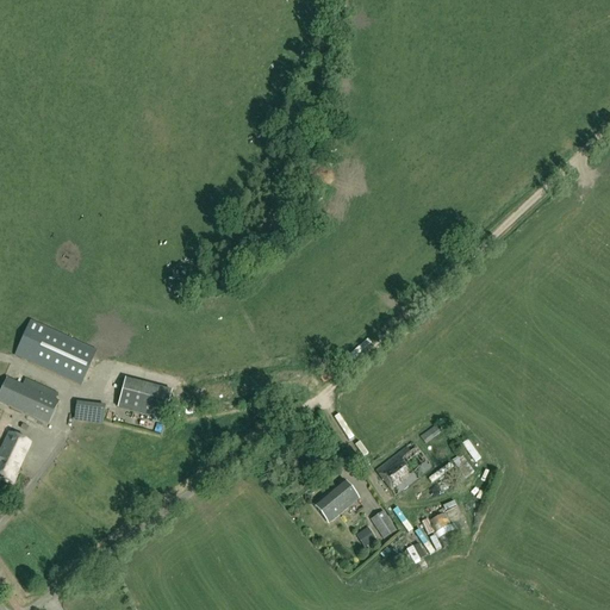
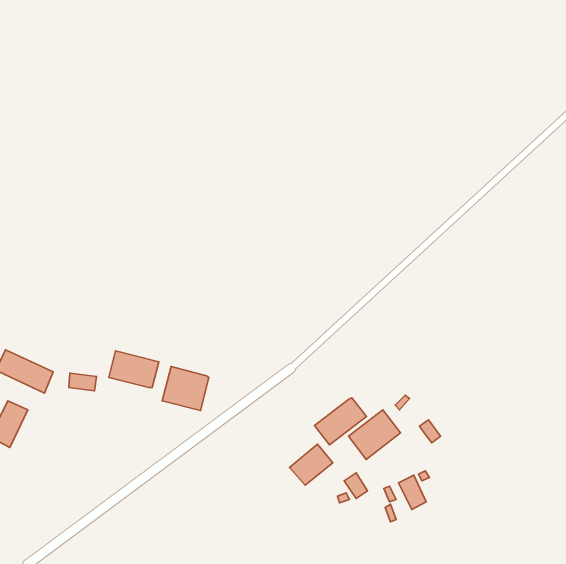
building: [14,318,95,382] -> none
building: none -> [162,367,209,411]
building: none -> [315,398,366,445]

